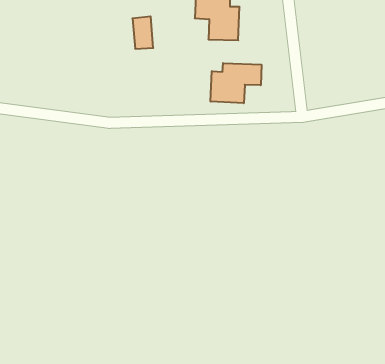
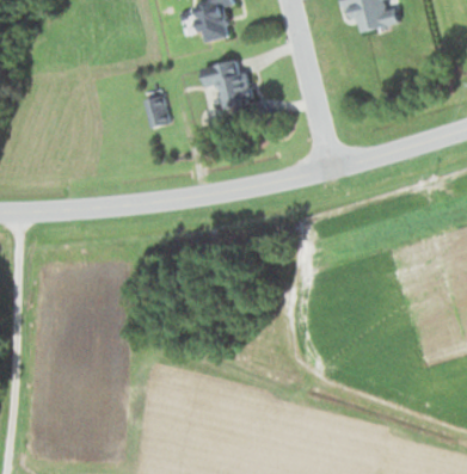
building: [211,63,261,103] -> none

